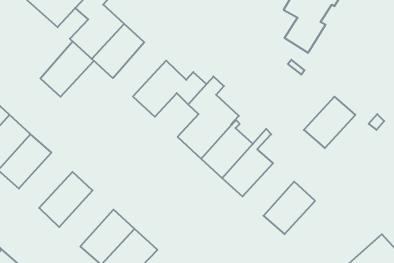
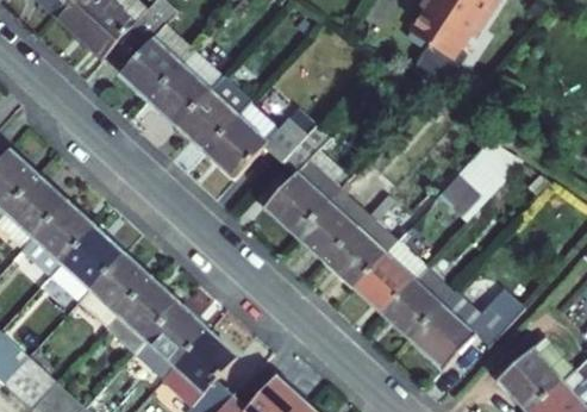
building: [40,42,94,97] -> [177,75,250,150]
building: none -> [49,226,123,301]
building: none -> [354,241,424,312]
building: none -> [105,277,179,354]
building: none -> [411,288,523,368]

